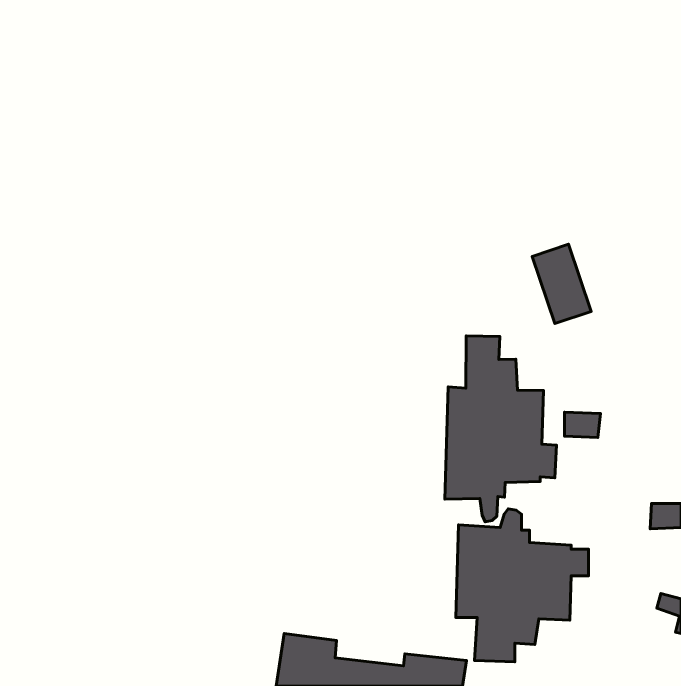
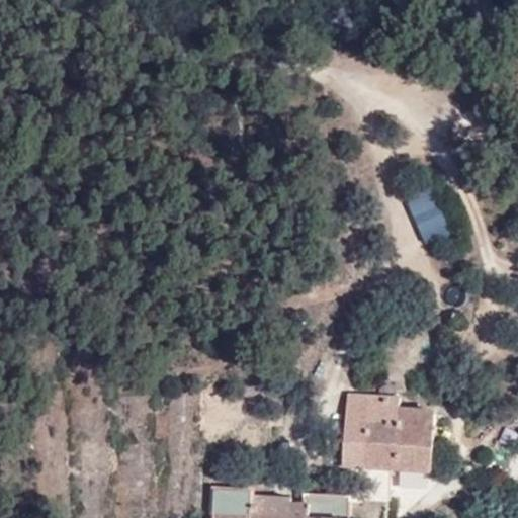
building: [445,336,556,522] -> none

